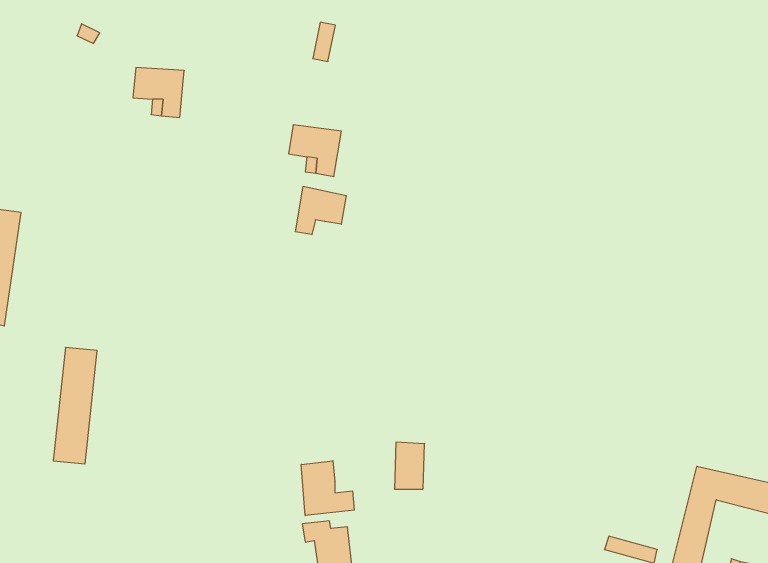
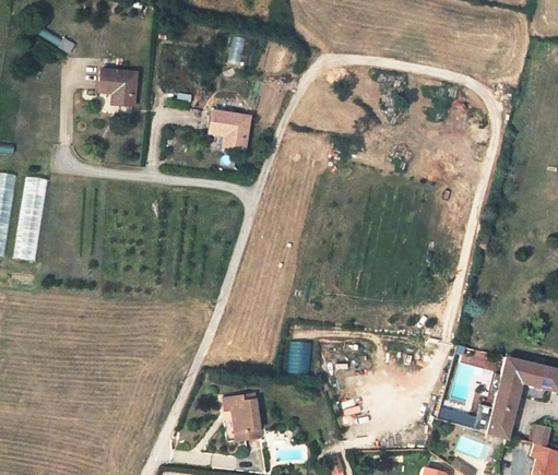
building: [296,186,346,235] -> none
building: [53,347,97,464] -> [15,176,47,260]
building: [301,461,354,516] -> none

